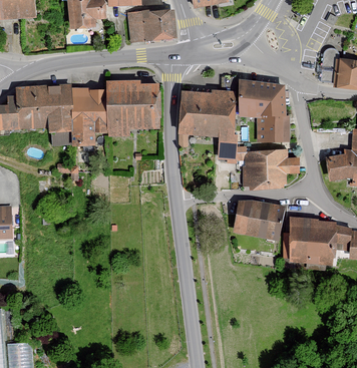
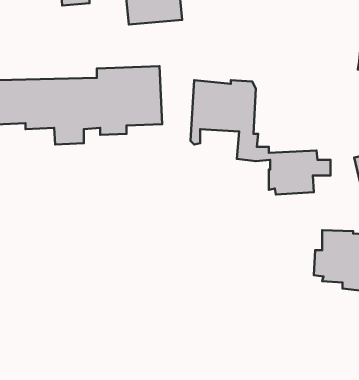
building: [242,80,289,139] -> none
building: [236,202,285,238] -> none

